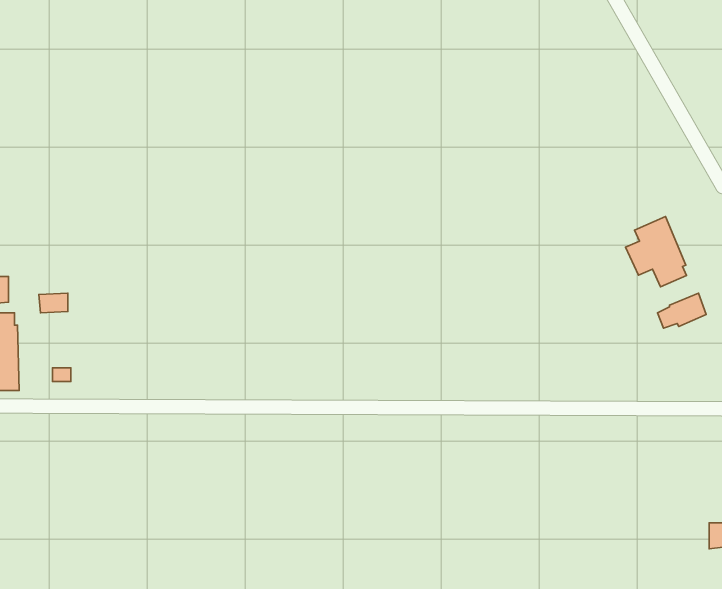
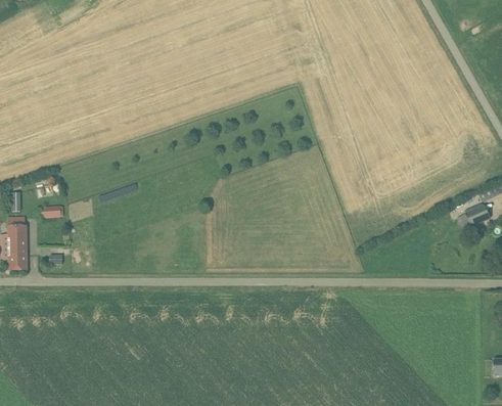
building: [626,216,687,287] -> none

